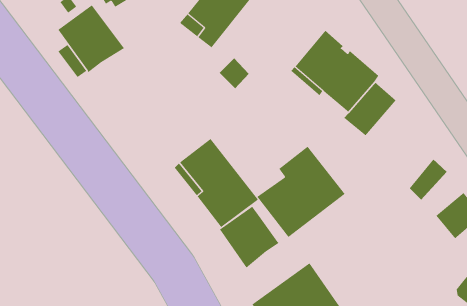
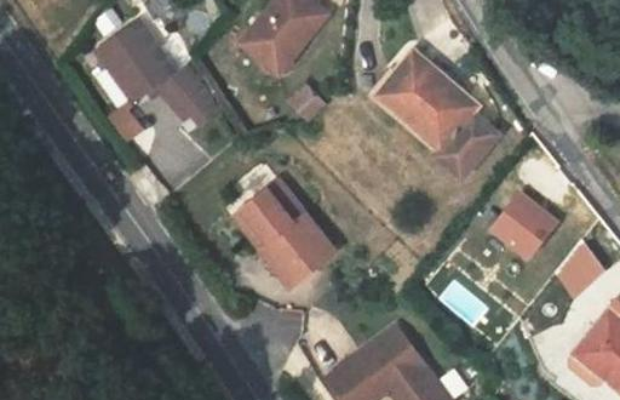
building: none -> [149,67,216,127]
building: none -> [494,187,542,239]
building: [257,146,346,238] -> none
building: [219,206,279,268] -> none

